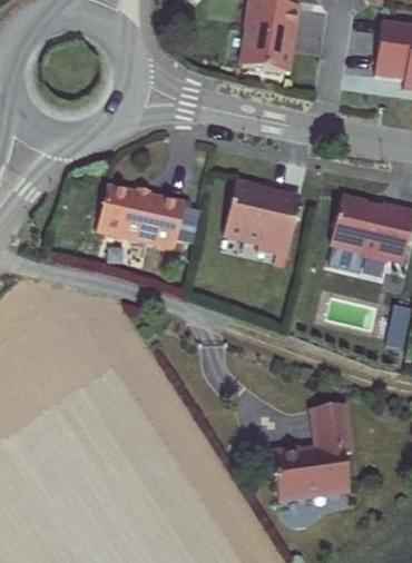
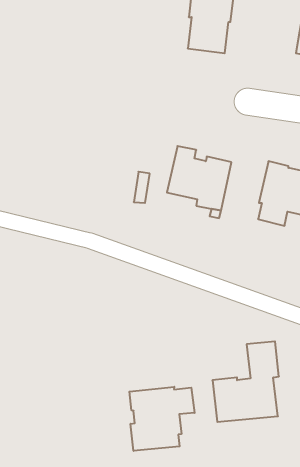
building: [96,182,184,247] -> none
building: none -> [129,387,195,451]

